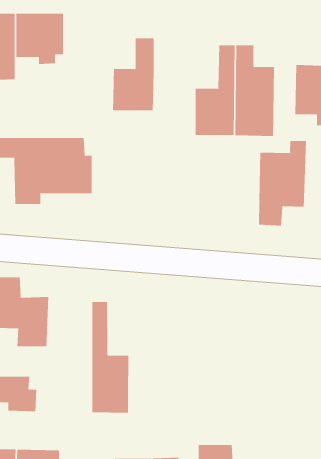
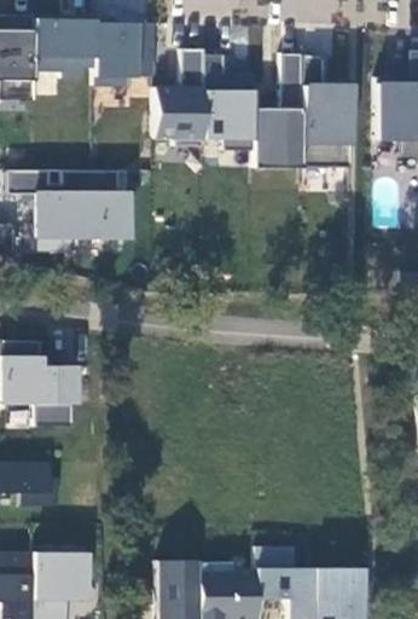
building: none -> [94,22,157,86]
building: none -> [204,54,255,150]
building: [259,140,306,227] -> none
building: [92,301,129,413] -> none

